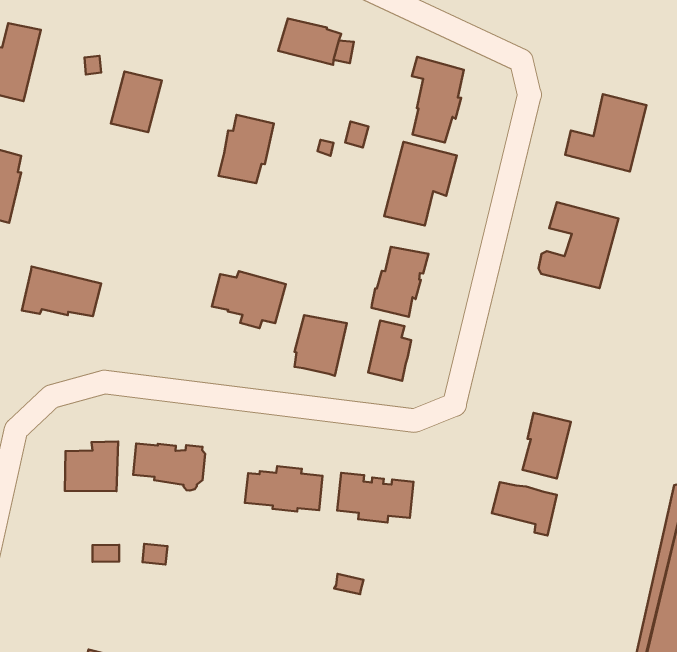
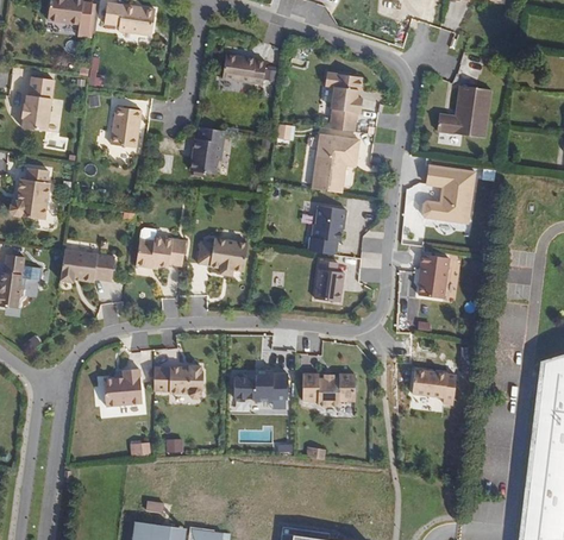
building: none -> [134,226,184,270]
building: [294,315,347,376] -> none
building: [523,413,571,478] -> [419,252,450,297]

